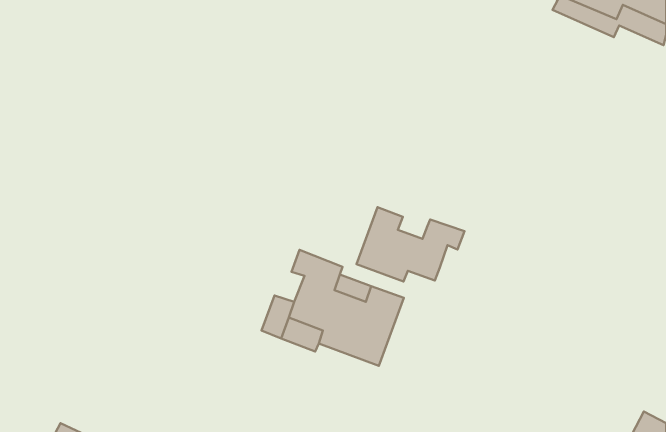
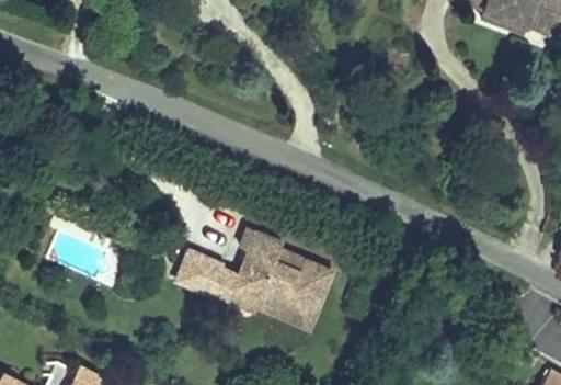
building: [356,207,464,281] -> none
building: none -> [184,250,231,293]

